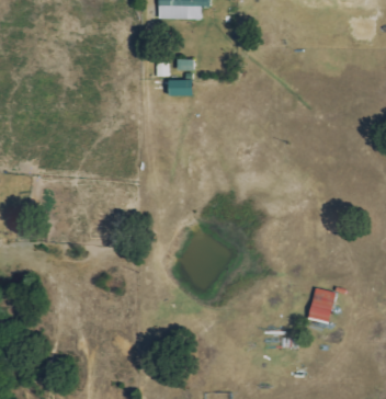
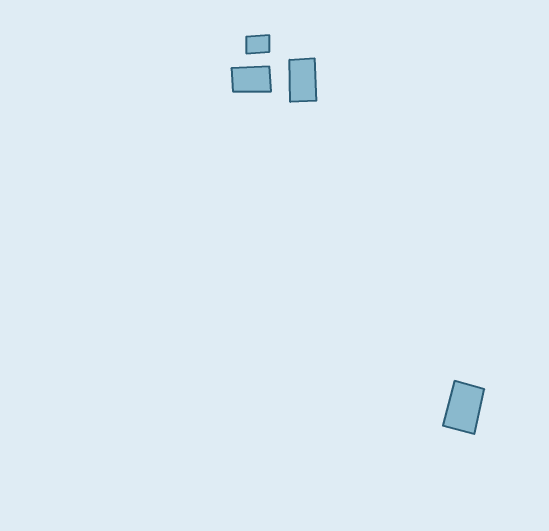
building: none -> [290,58,316,102]

